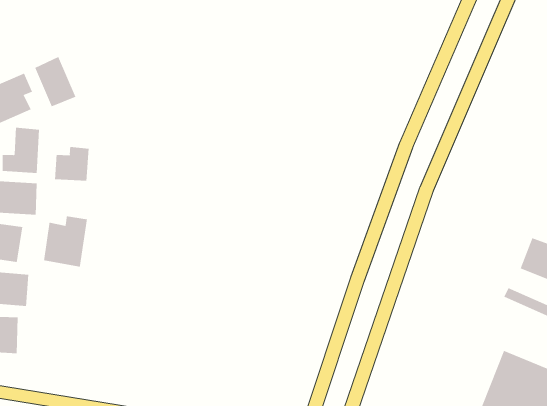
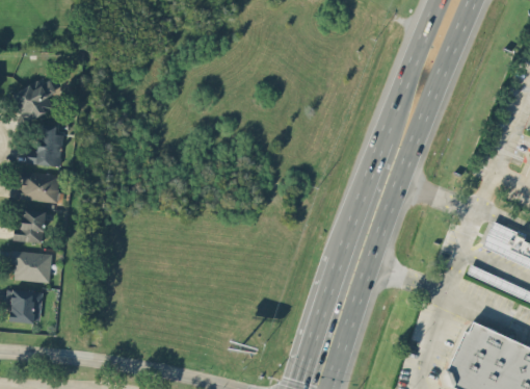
building: [34,56,76,107] -> none
building: [54,146,89,181] -> none
building: [43,216,87,267] -> none

